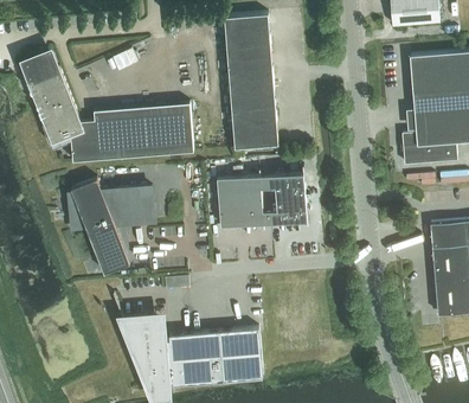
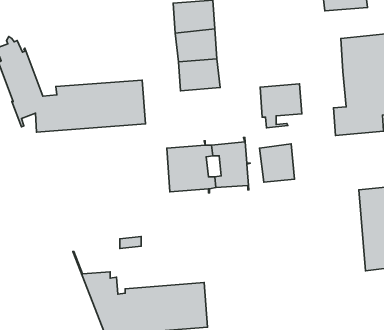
building: [232,110,278,159] -> [260,84,302,128]
building: none -> [259,144,295,182]
building: [69,178,154,273] -> none

